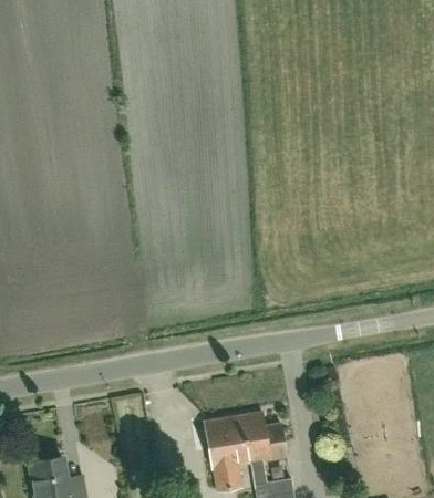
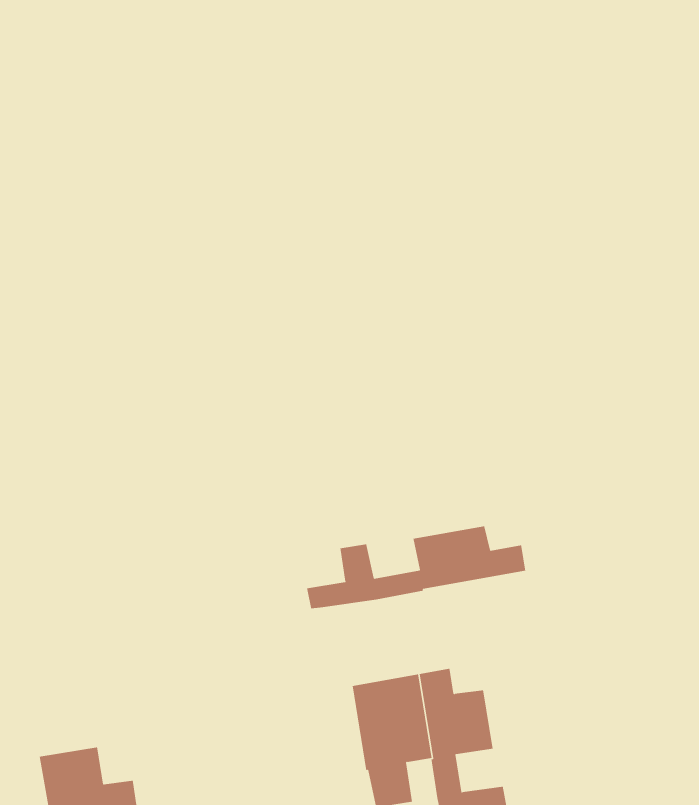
building: none -> [306,526,526,609]

